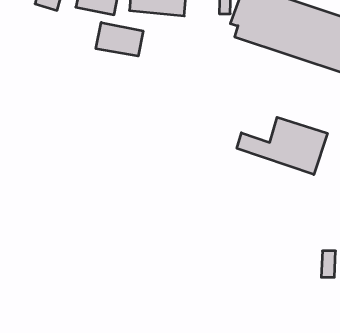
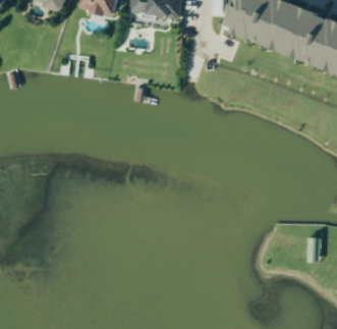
building: [96,22,143,56] -> none
building: [237,117,327,175] -> none

